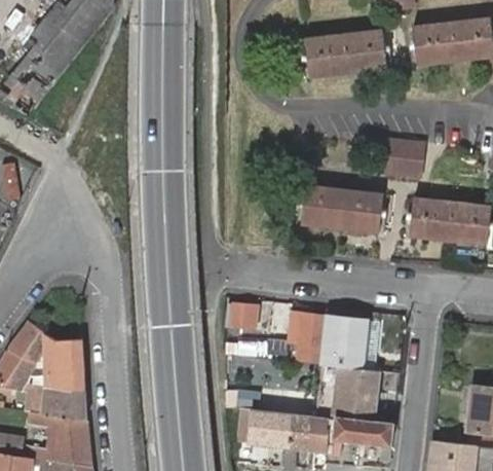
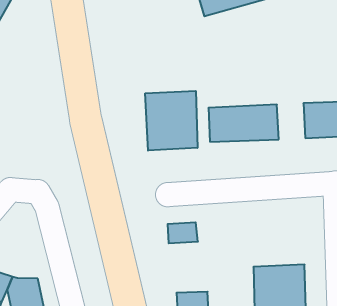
building: [377,136,418,173] -> none
building: none -> [145,91,197,151]
building: [292,313,366,367] -> none

